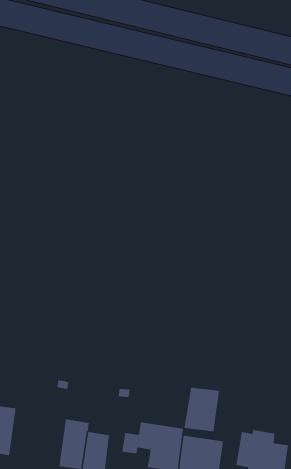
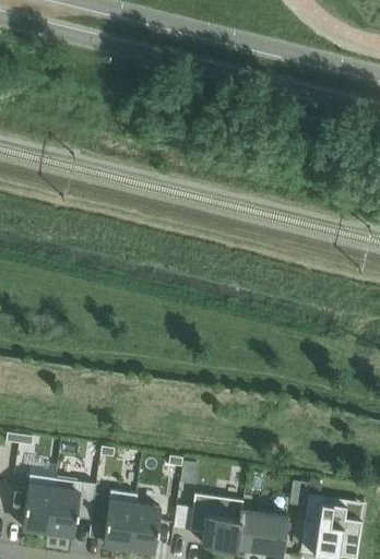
building: [184,387,220,432] -> none
building: none -> [48,479,96,536]

